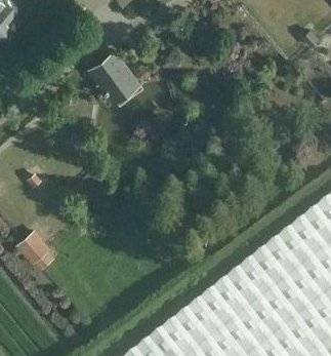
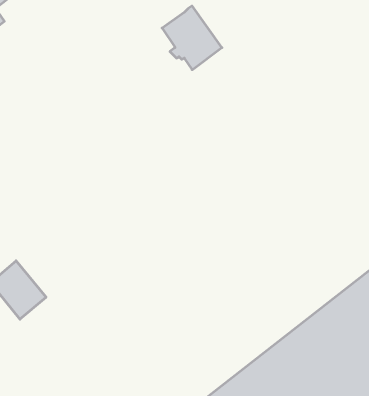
building: [90,50,137,101] -> [162,6,222,70]

